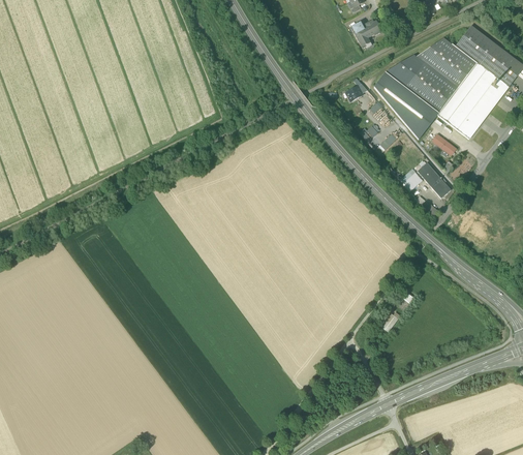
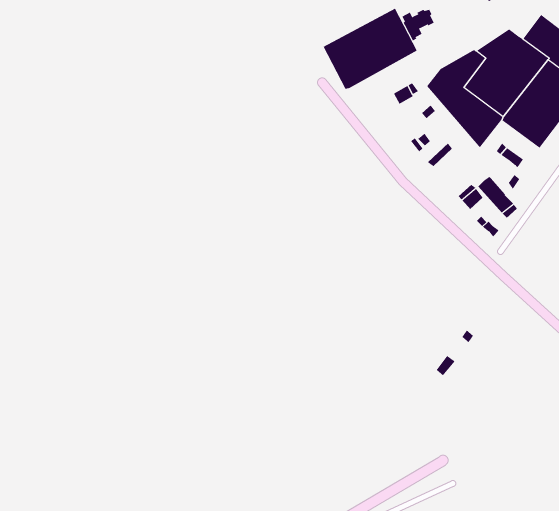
building: none -> [323,8,417,90]

